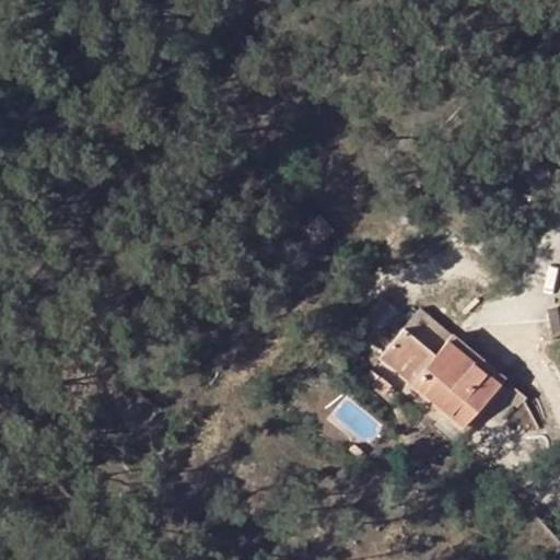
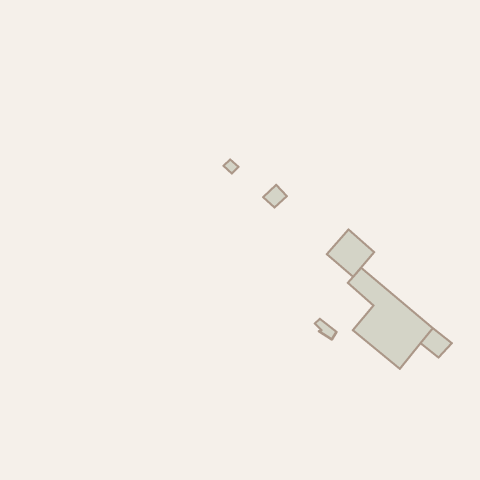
building: [378,328,433,383] -> [327,230,374,277]

